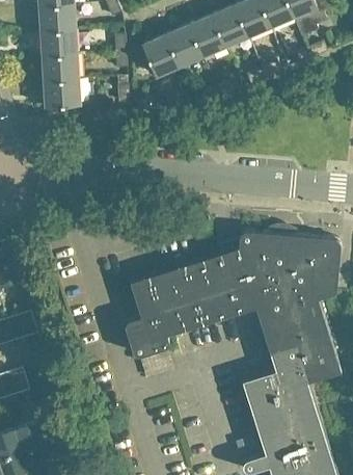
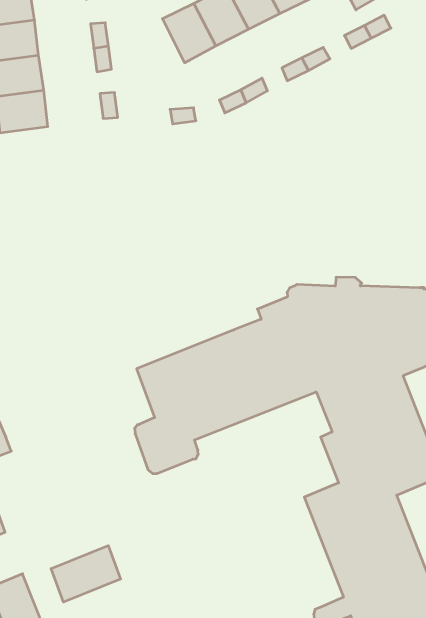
building: [141,35,178,77] -> none
building: none -> [51,546,121,602]

